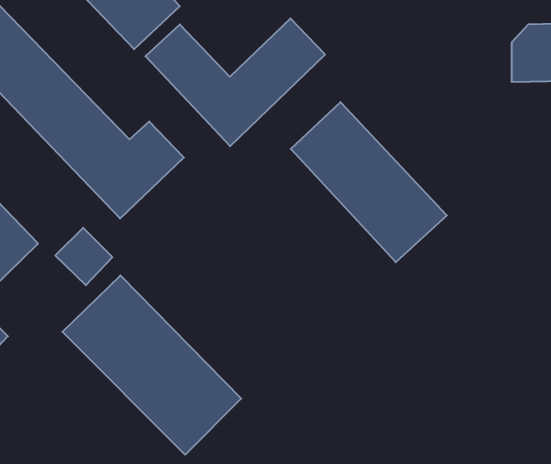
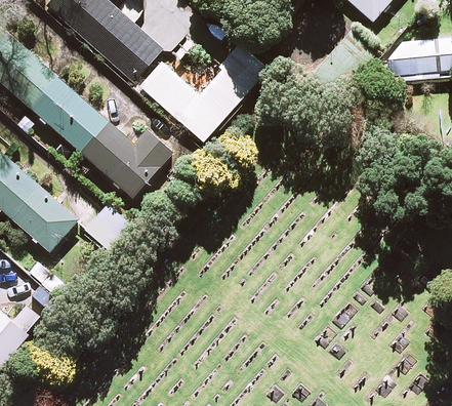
building: [291,102,447,262] -> none
building: [62,275,241,455] -> none

